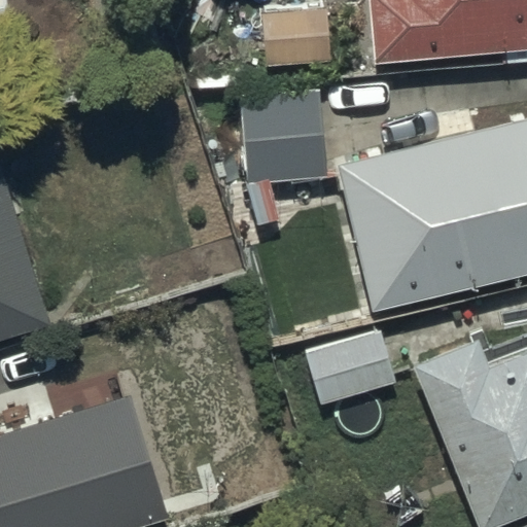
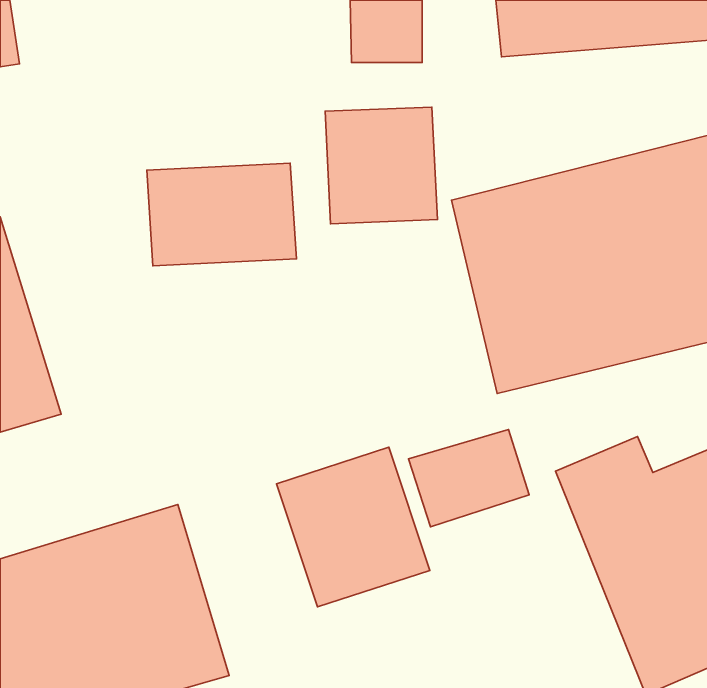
building: none -> [147,163,296,266]
building: none -> [277,447,430,607]

